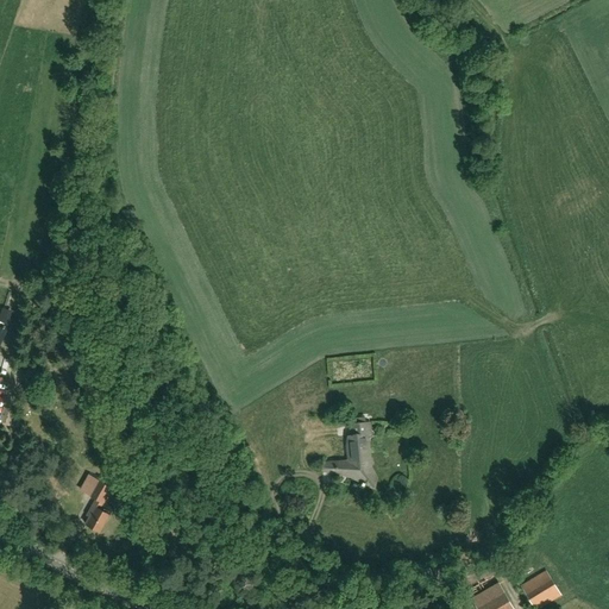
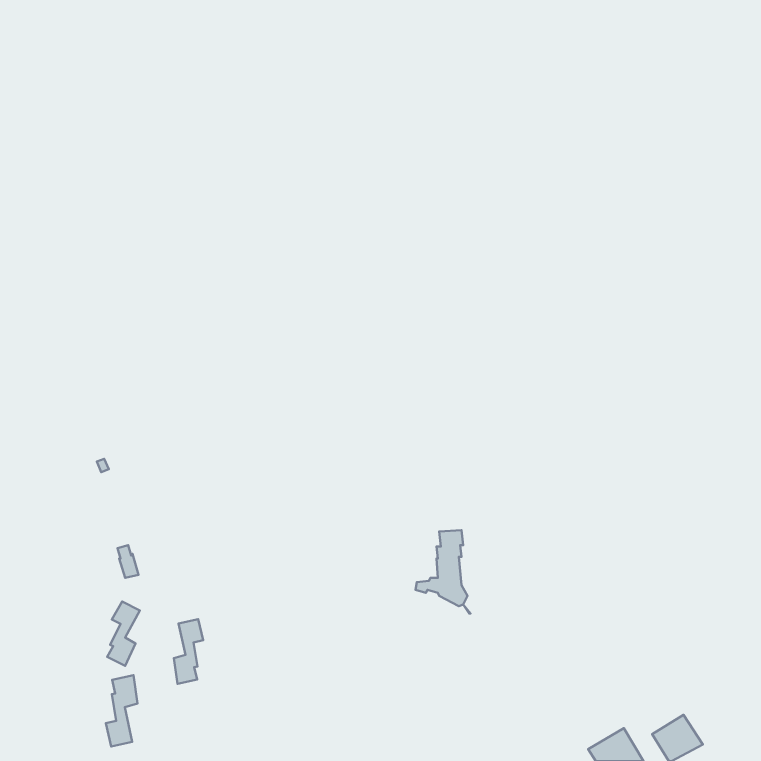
building: none -> [174,619,203,684]
building: none -> [106,675,137,747]

